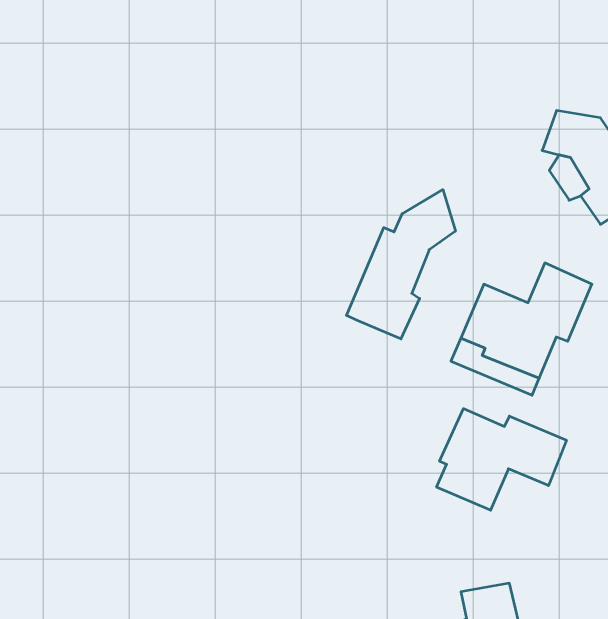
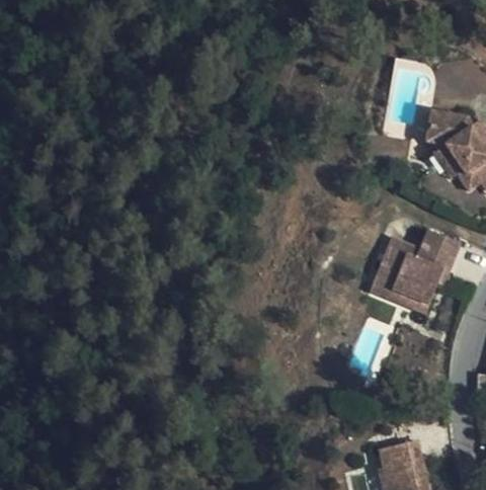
building: [346,190,455,339] -> none
building: [437,409,566,510] -> none

